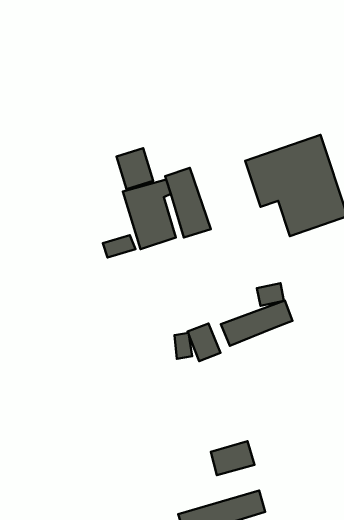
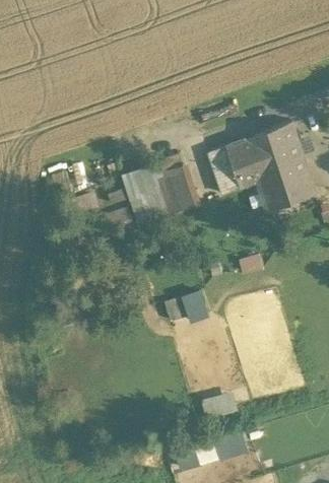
building: [117,148,153,189] -> none
building: none -> [208,148,241,194]
building: [221,301,292,346] -> none

